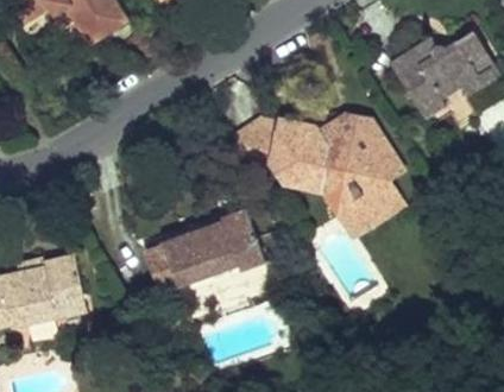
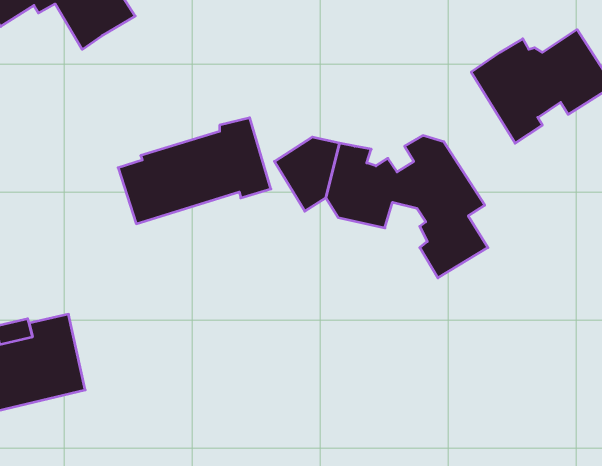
building: [321,166,363,234] -> none
building: [144,209,264,292] -> [118,118,271,224]

